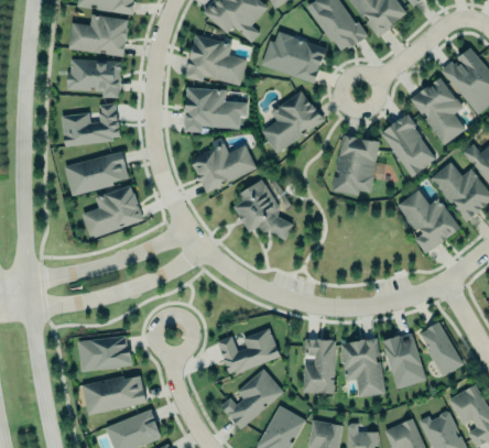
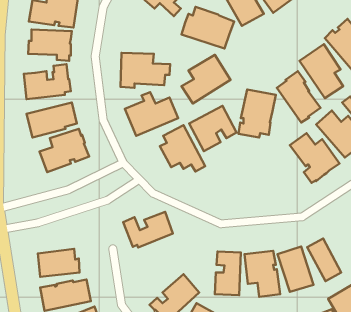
building: [184,33,247,85] -> none
building: none -> [189,106,236,151]
building: [217,328,280,373] -> [123,212,173,248]

